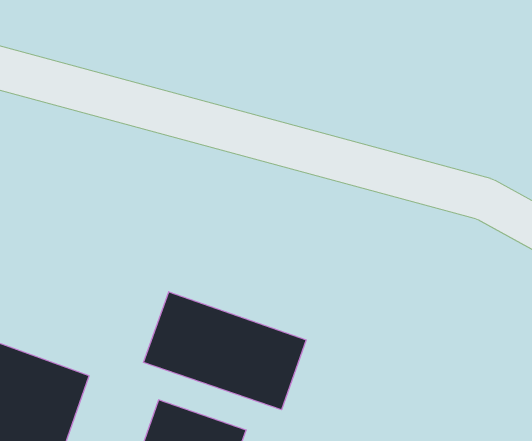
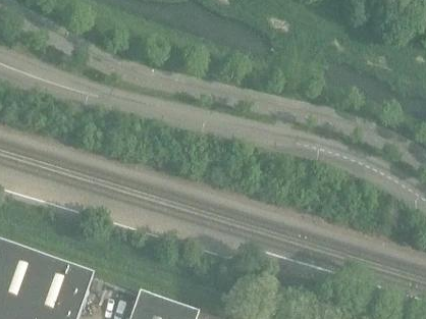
building: [143,292,306,410] -> none

